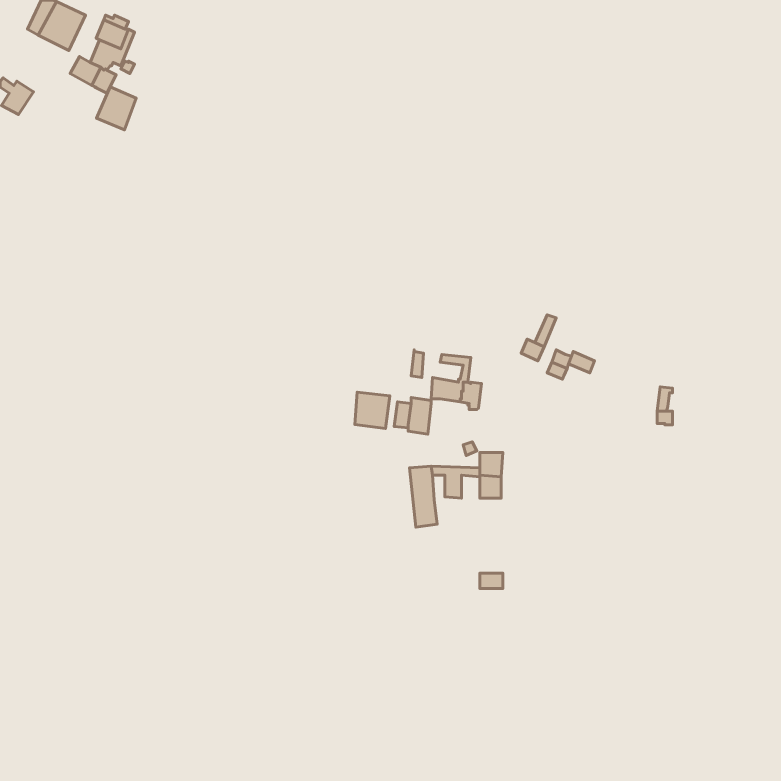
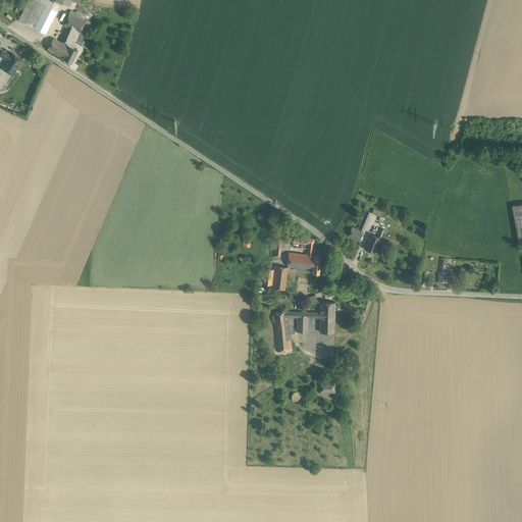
building: [97,87,136,130] -> none
building: [355,392,390,429] -> none

